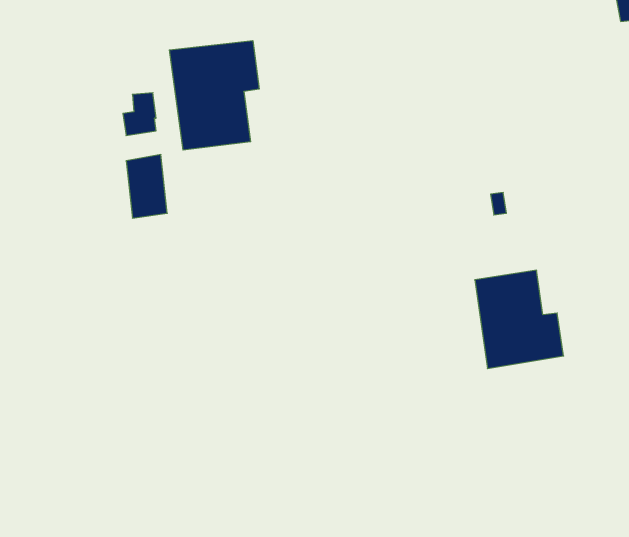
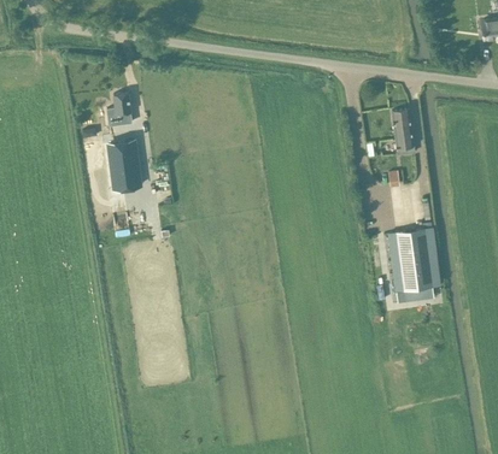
building: [169,41,259,150] -> none
building: none -> [393,107,415,153]

